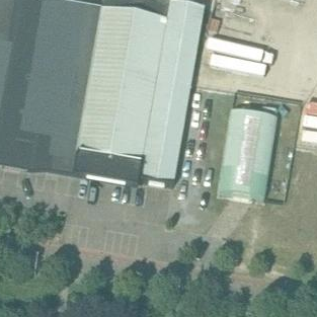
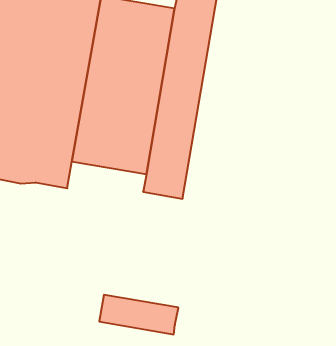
building: [219,106,276,195] -> none
building: [72,150,141,184] -> [99,295,178,334]

